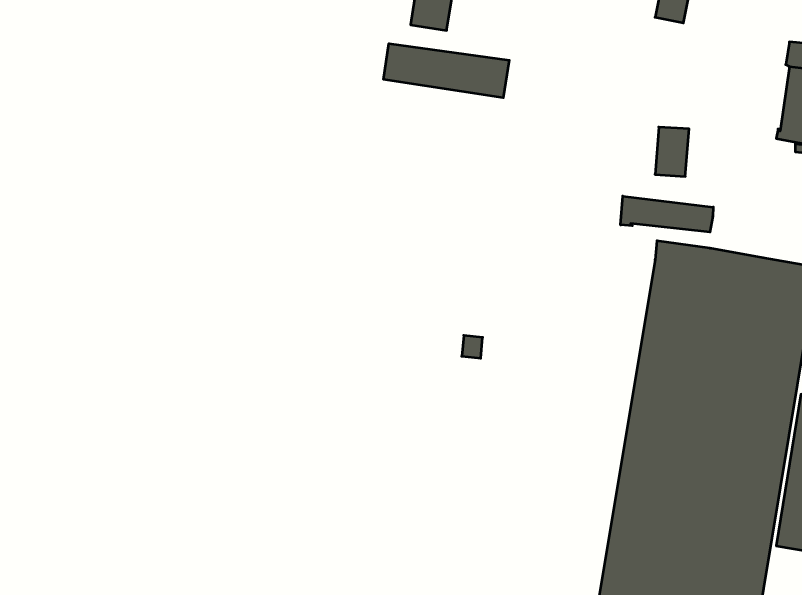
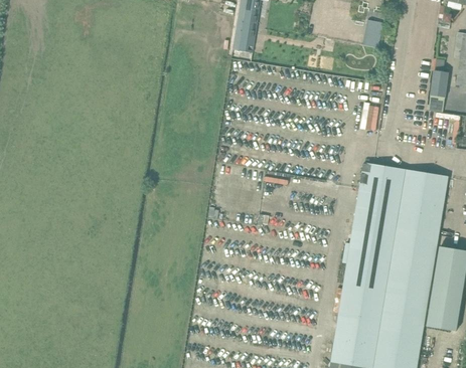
building: [384,44,509,98] -> none
building: [621,196,713,232] -> none

